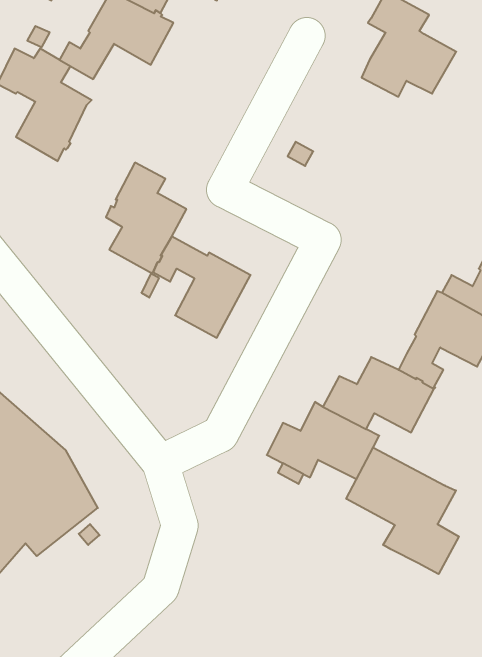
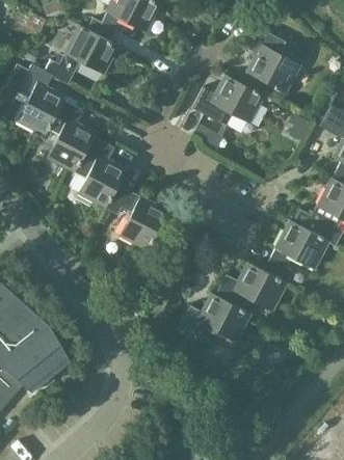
building: none -> [191,75,263,125]
building: none -> [46,101,95,173]
building: [346,448,459,574] -> none

